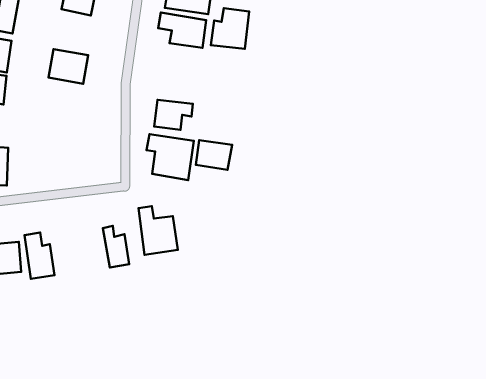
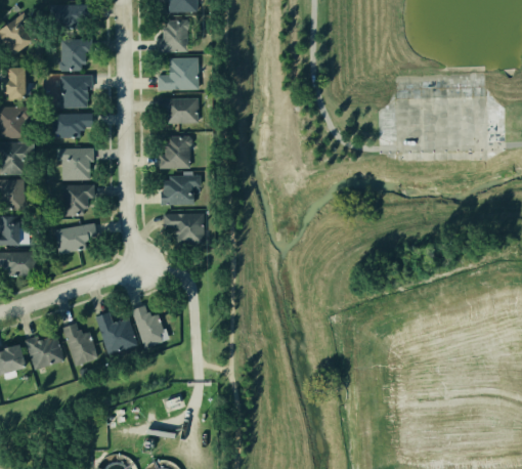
building: [211,8,249,49] -> [160,135,193,173]
building: none -> [51,113,84,137]
building: none -> [63,184,92,215]
building: none -> [56,222,96,256]
building: [196,140,232,170] -> none
building: [138,206,178,255] -> [94,312,138,359]

